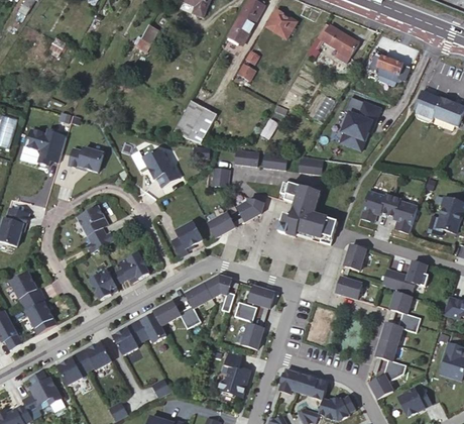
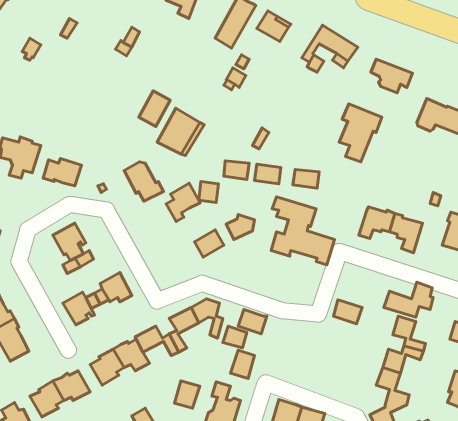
building: none -> [139,91,170,126]
building: [172,220,204,255] -> [166,183,200,221]
building: [344,244,366,271] -> none
building: none -> [175,381,200,408]

